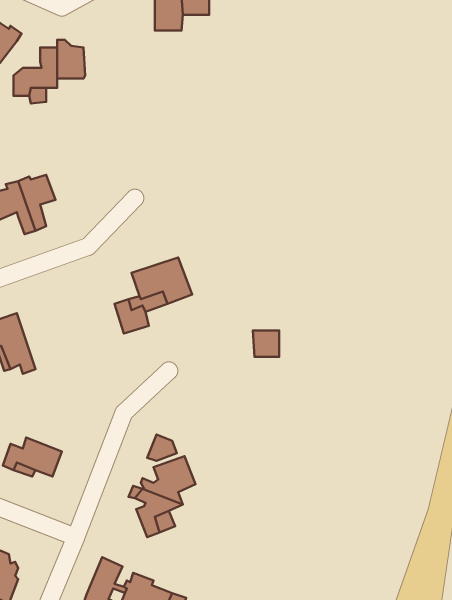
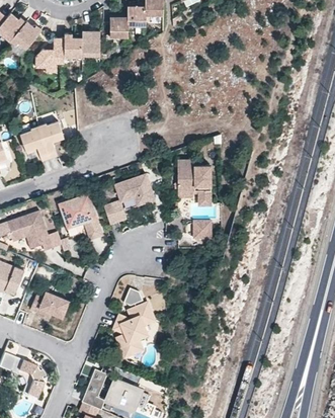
building: none -> [111,14,130,37]
building: none -> [83,29,101,56]
building: none -> [177,164,210,205]
building: none -> [59,193,102,240]

